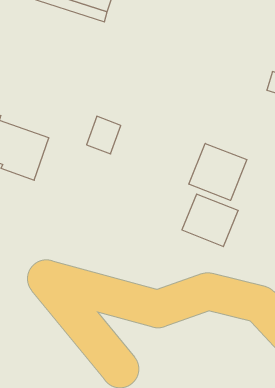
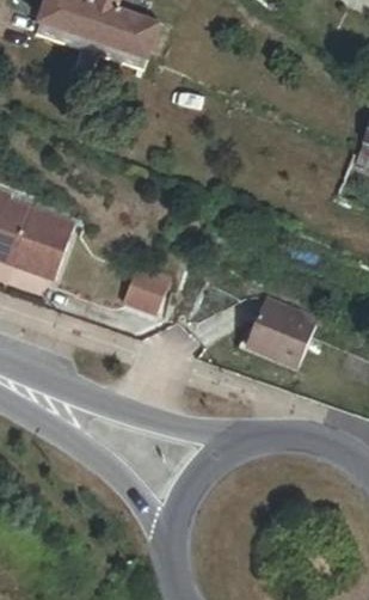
building: [87,116,121,154] -> [128,263,172,312]
building: [189,143,247,200] -> none

